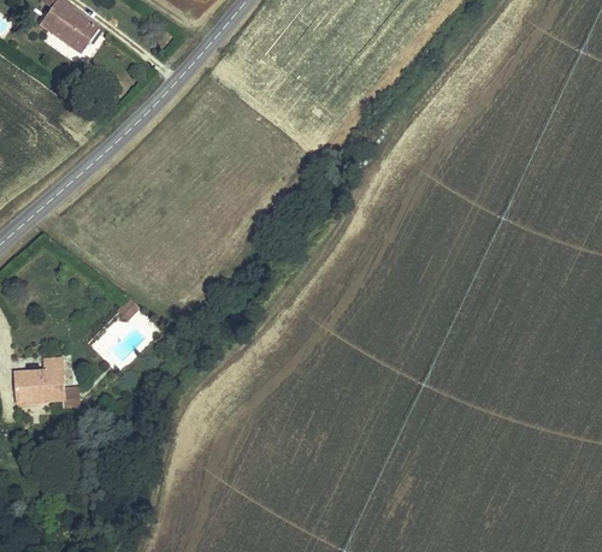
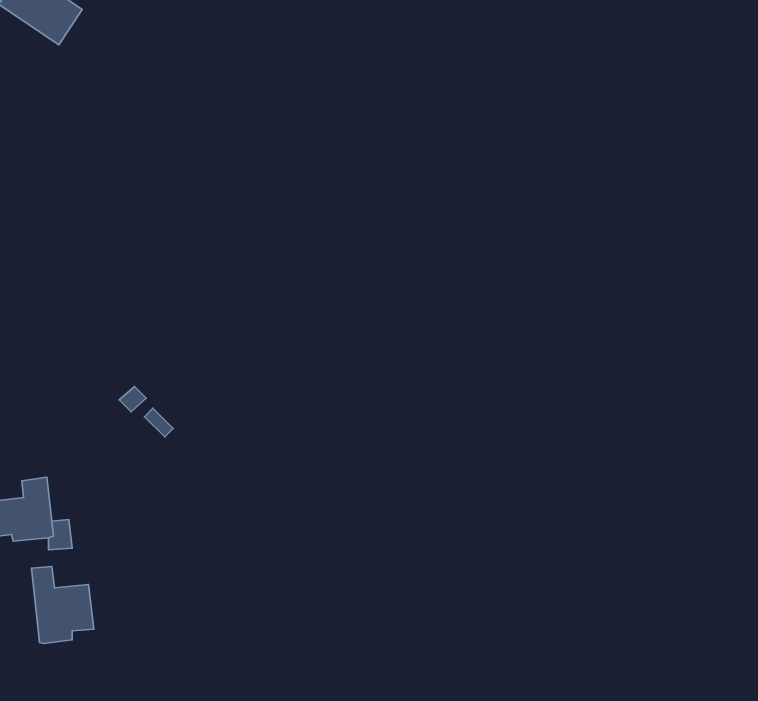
building: none -> [32,567,94,644]

